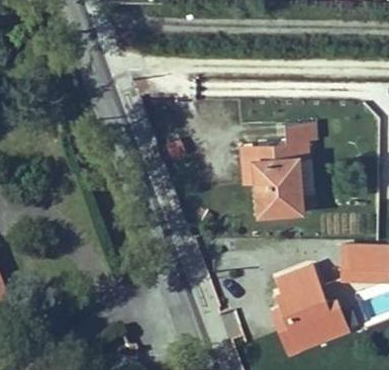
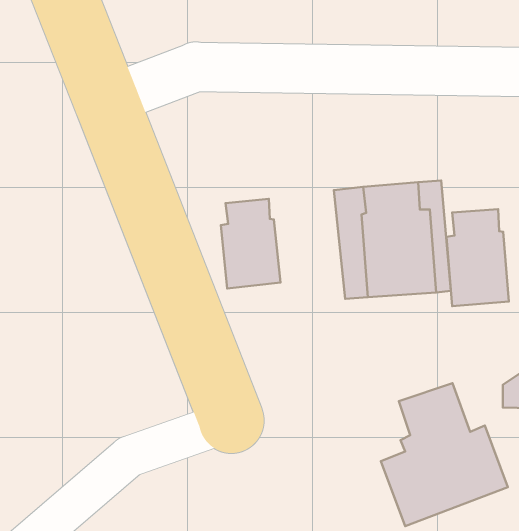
building: none -> [221,199,280,288]
building: none -> [447,209,509,306]

